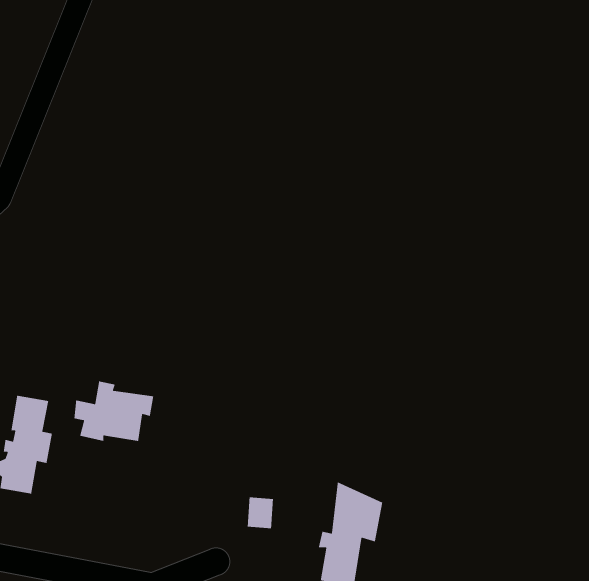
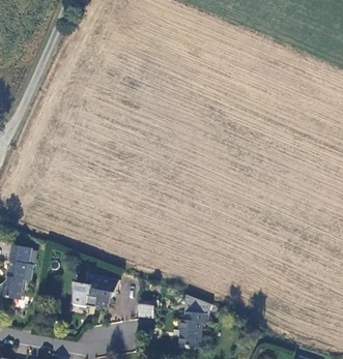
building: [74,380,154,442] -> [74,273,117,306]

